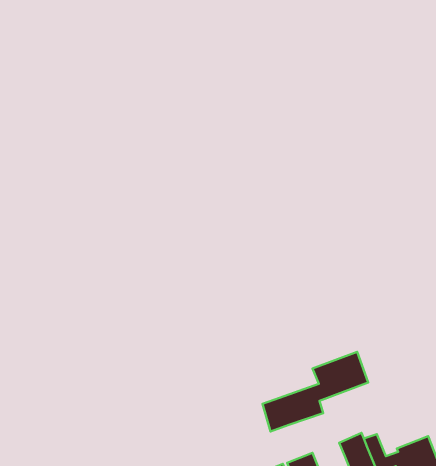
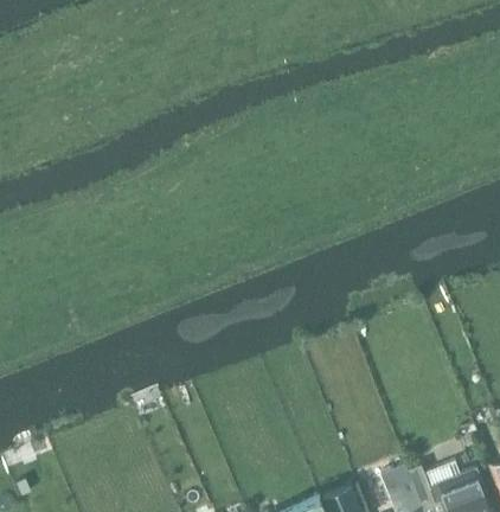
building: [262,352,368,431] -> none

